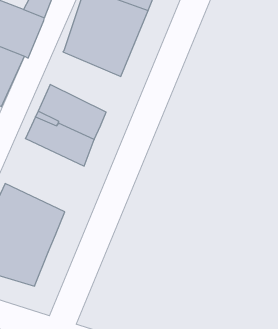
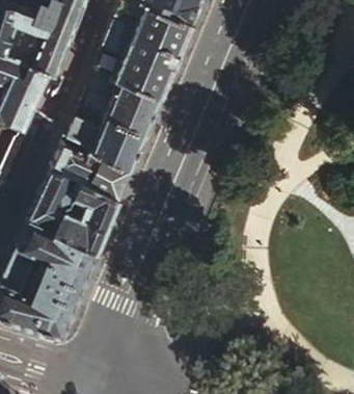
building: none -> [78,75,158,143]
building: none -> [27,174,116,257]

